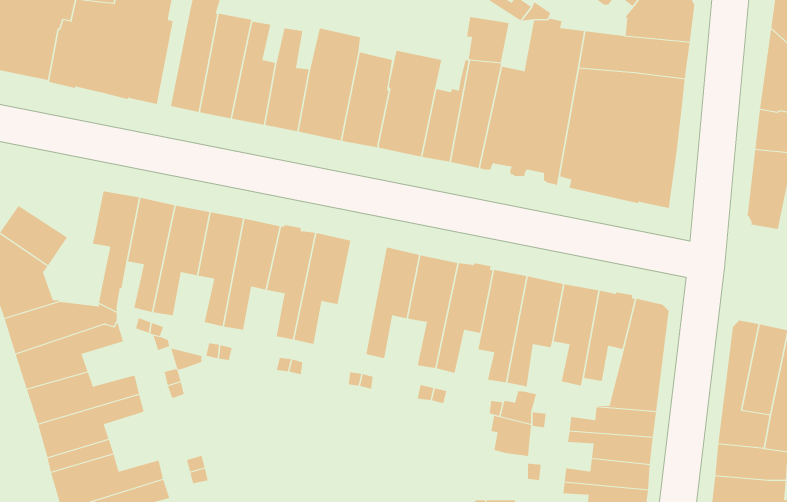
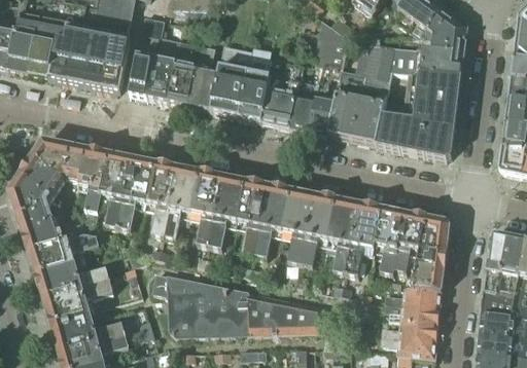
building: none -> [31,140,85,179]
building: none -> [237,181,268,254]
building: none -> [151,272,321,337]

